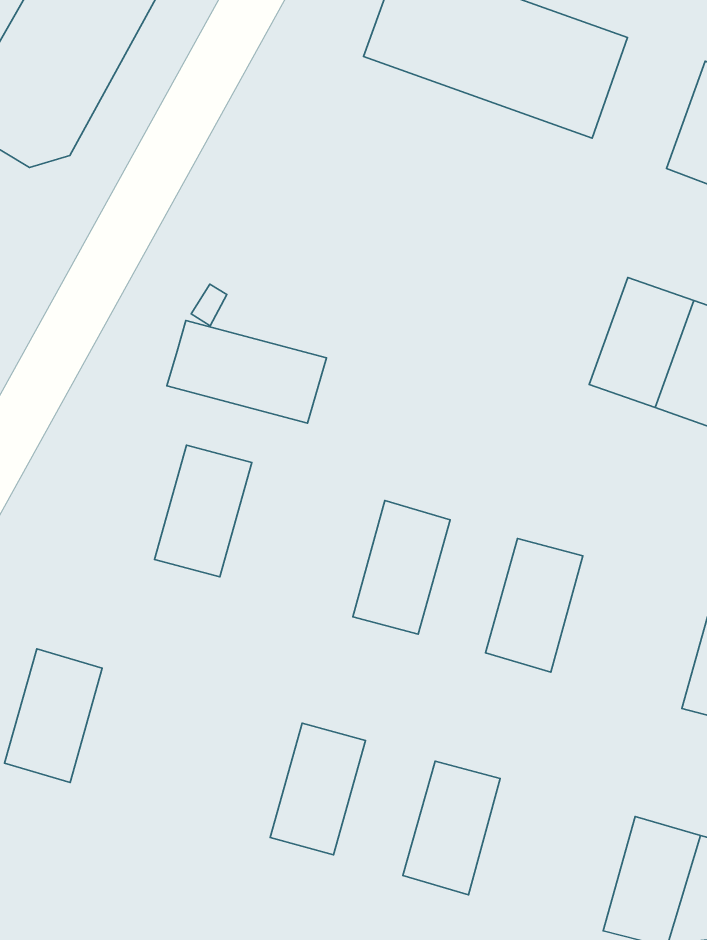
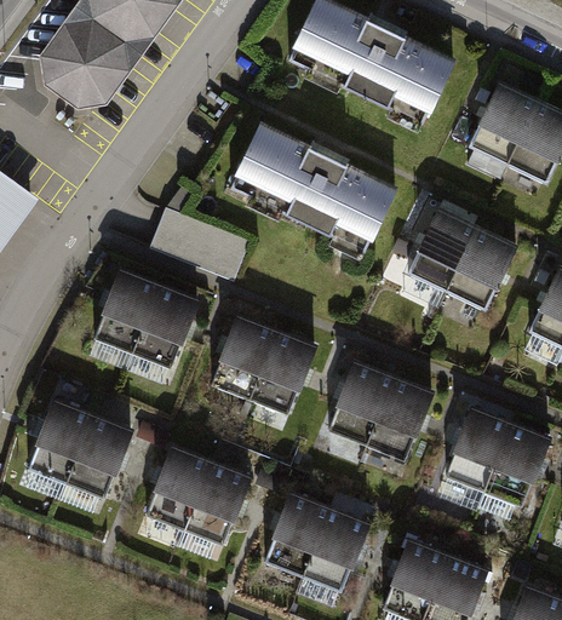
building: none -> [234,125,392,249]
building: none -> [93,269,159,351]
building: none -> [211,315,276,398]
building: none -> [367,375,431,459]
building: none -> [67,414,131,496]
building: none -> [147,444,212,528]
building: none -> [303,506,367,590]

